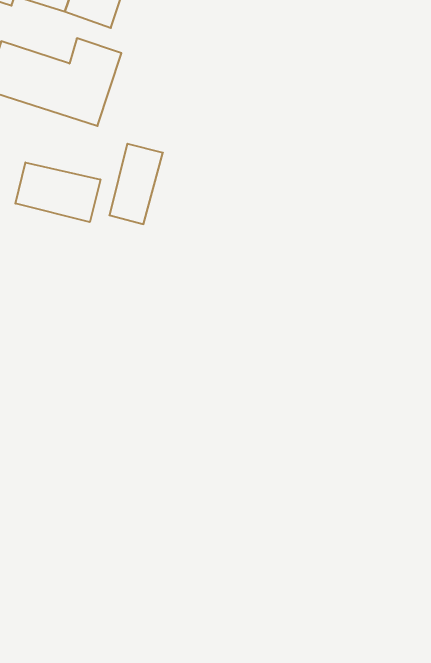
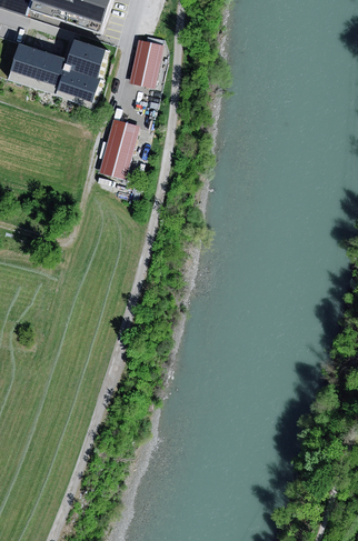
building: none -> [129,39,163,88]
building: [15,162,100,222] -> none

